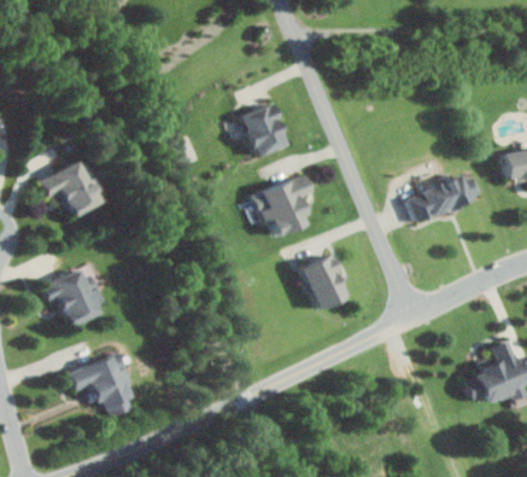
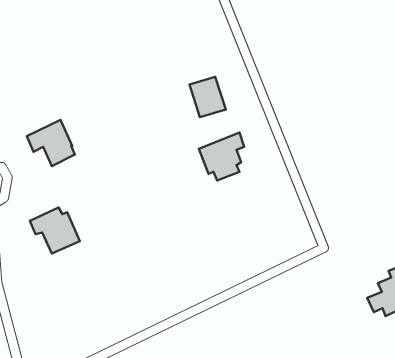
building: [409,176,485,220] -> none
building: [298,254,350,309] -> none
building: [69,357,134,417] -> none

